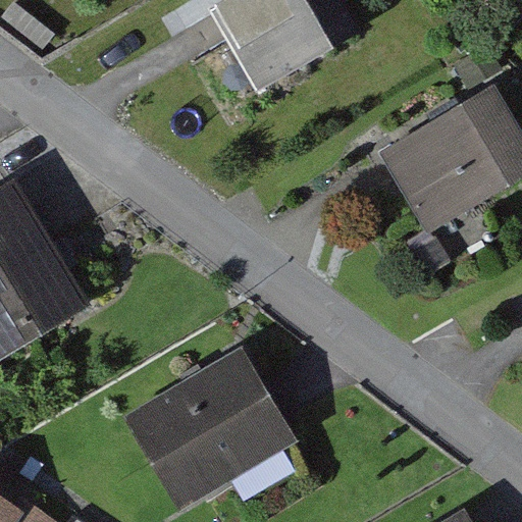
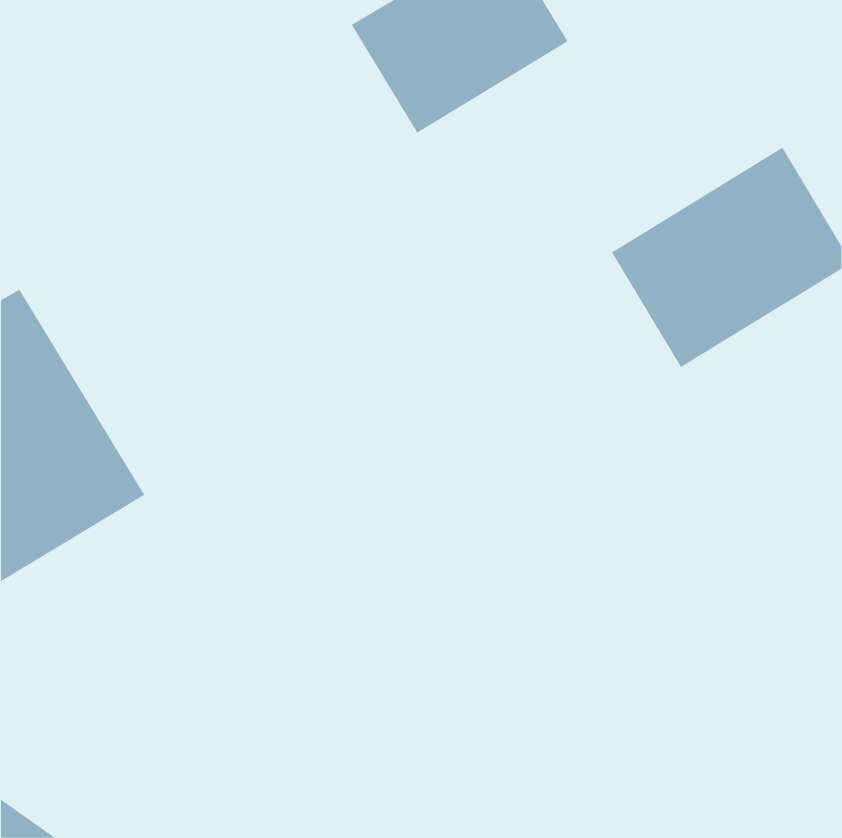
building: [120,350,294,511] -> none

